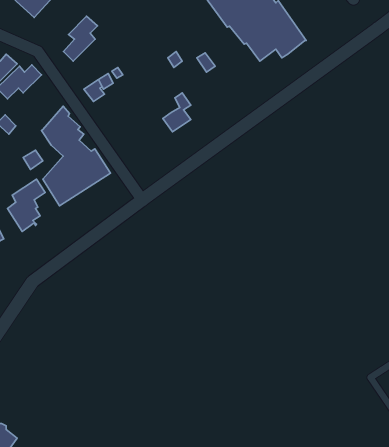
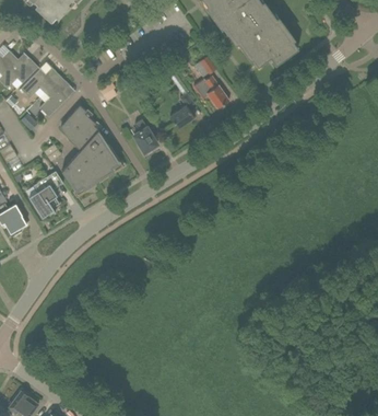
building: [63,16,97,61] -> [39,77,70,117]
building: none -> [196,76,229,108]
building: none -> [133,119,156,157]

